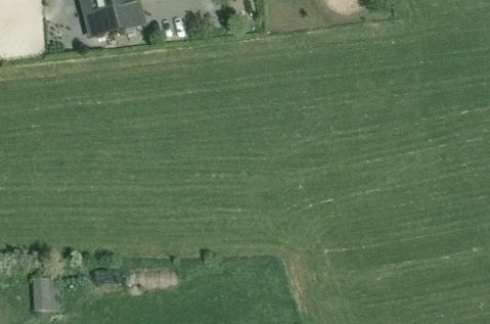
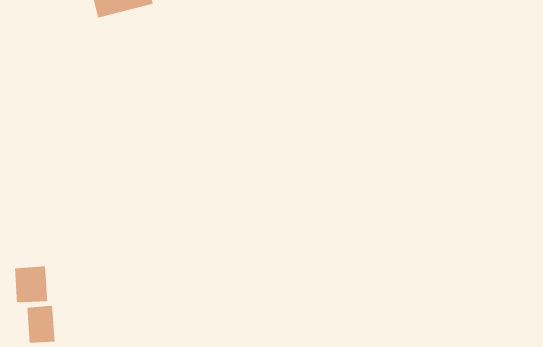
building: none -> [14,265,48,303]

